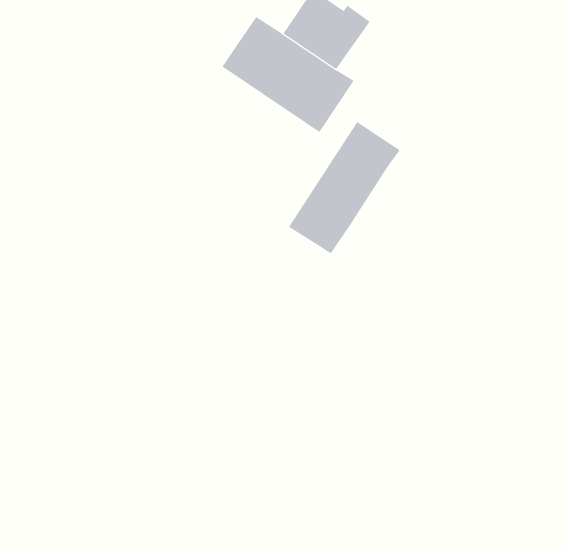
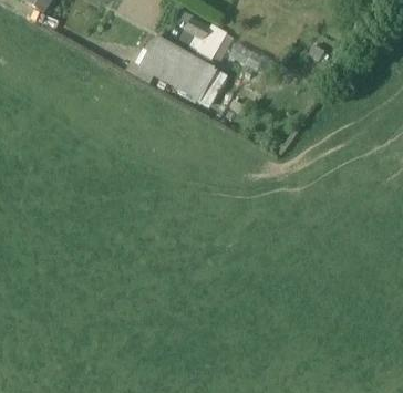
building: [288,121,400,254] -> none

